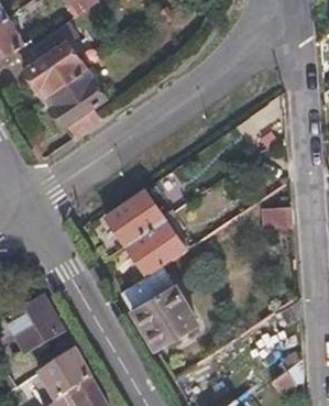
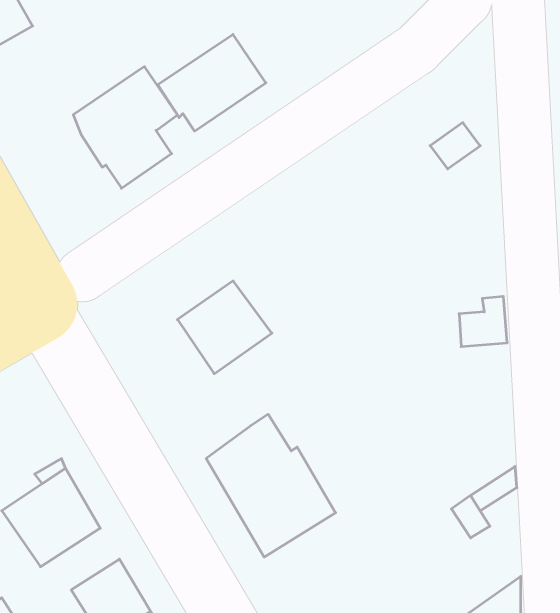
building: [24,41,86,96] -> [158,34,266,131]
building: [125,220,179,273] -> none

